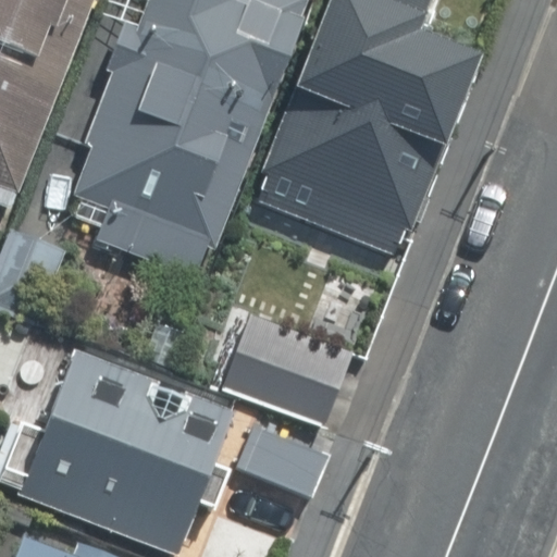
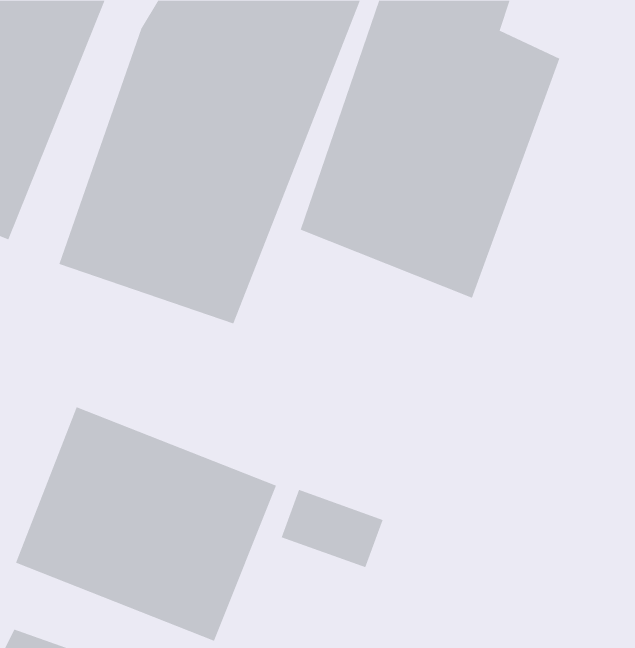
building: [226,311,352,422] -> none

